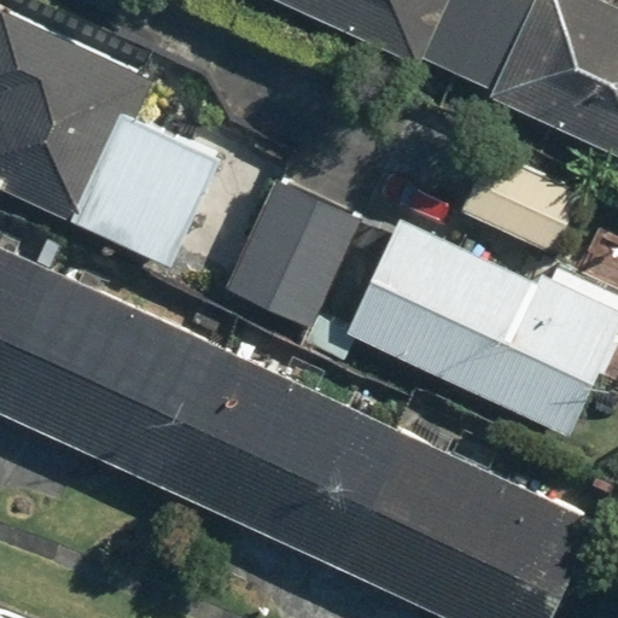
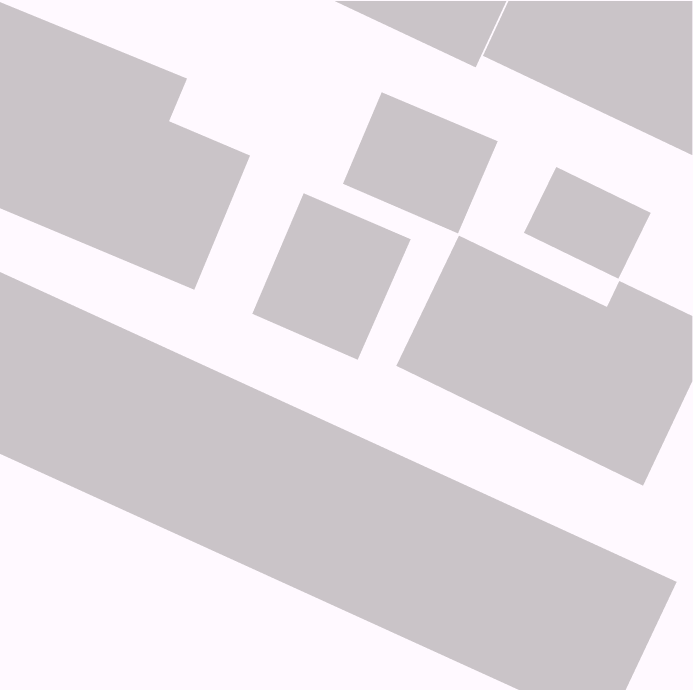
building: none -> [342,91,499,235]

